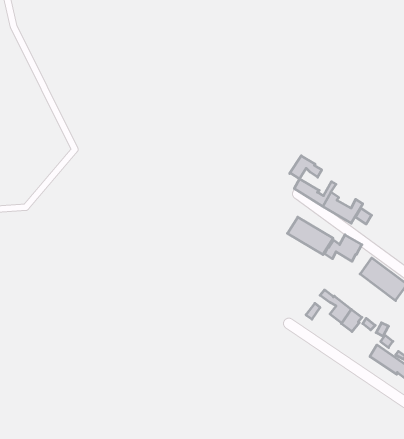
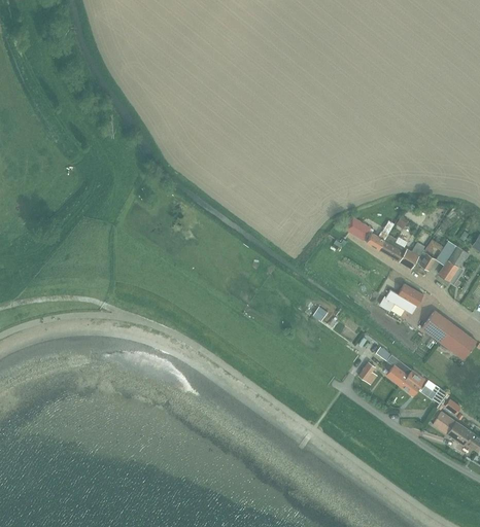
building: [290,156,322,179] -> none
building: none -> [437,243,467,285]
building: [287,217,333,255] -> none

